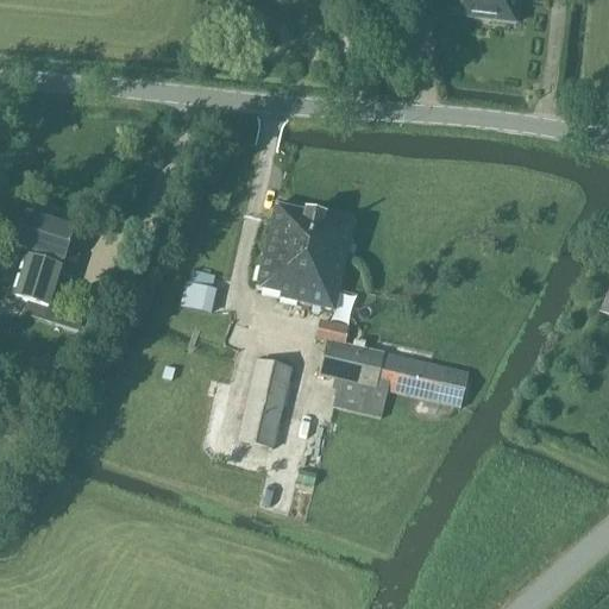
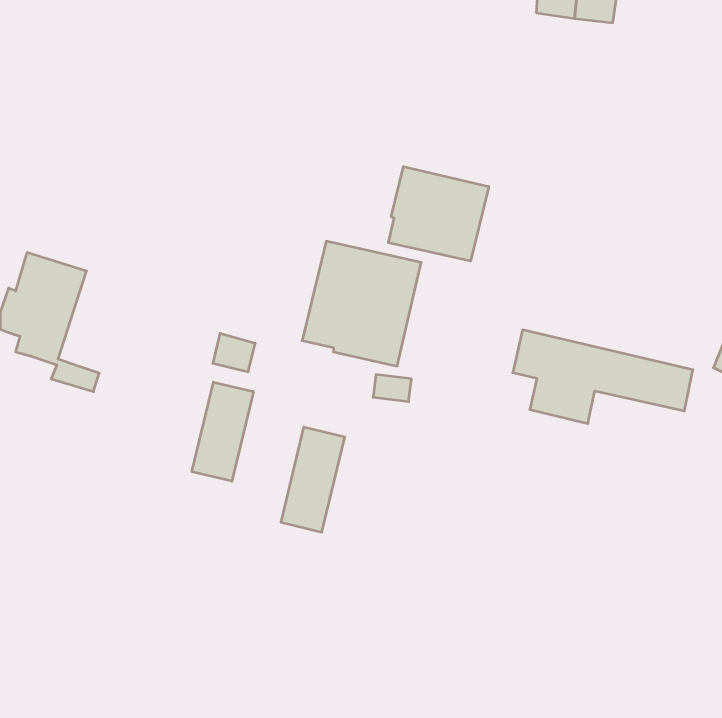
building: none -> [388,167,489,261]
building: none -> [192,382,253,481]
building: [319,338,470,416] -> [513,330,693,424]

